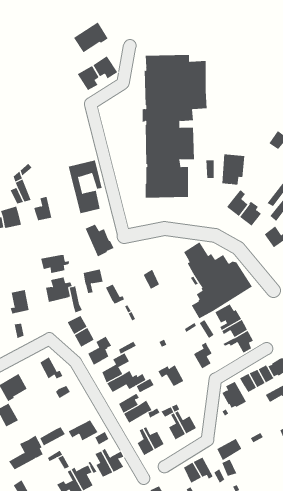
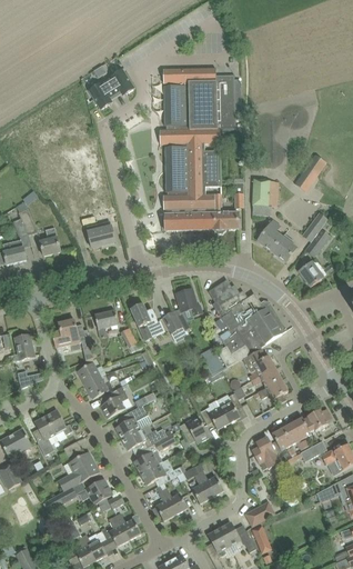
building: [73,21,109,53] -> none
building: none -> [214,193,238,233]
building: [85,224,114,257] -> [130,303,163,341]
building: none -> [173,289,201,331]
building: [41,254,69,274] -> none
building: none -> [199,399,229,430]
building: none -> [33,416,56,456]
building: [8,435,44,470] -> [57,451,97,491]

